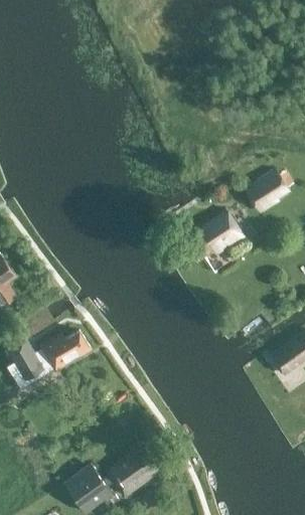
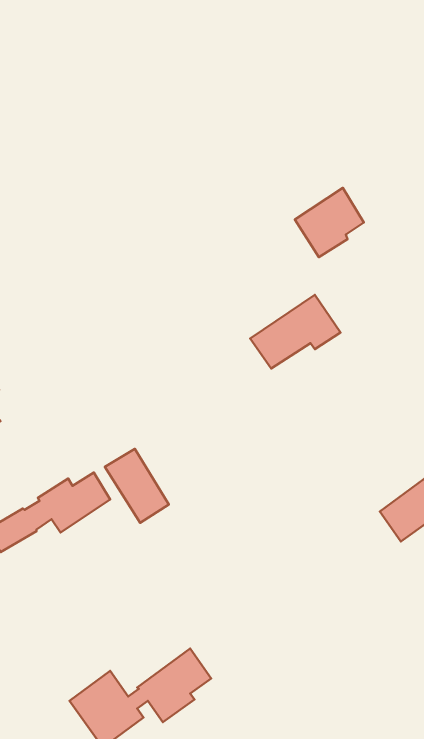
building: [245,166,291,212] -> [295,188,364,257]
building: none -> [105,449,169,523]

